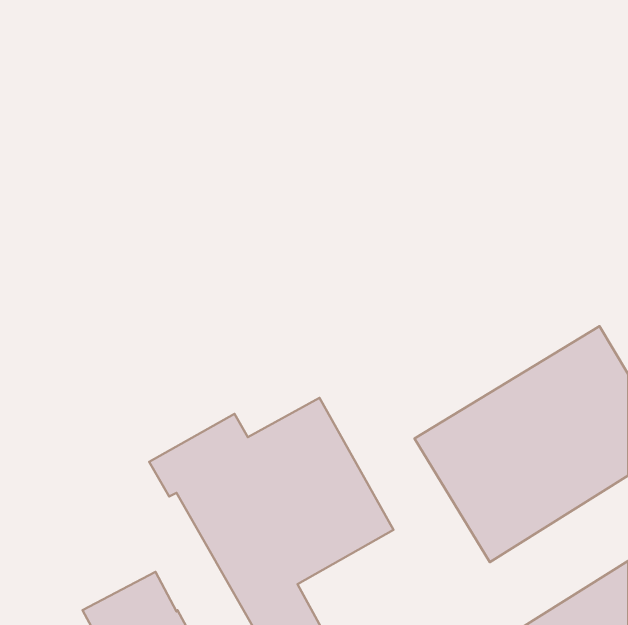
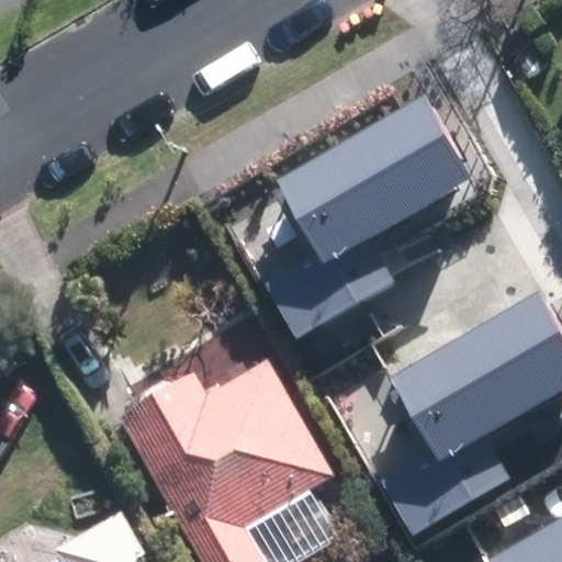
building: none -> [266,95,469,338]

